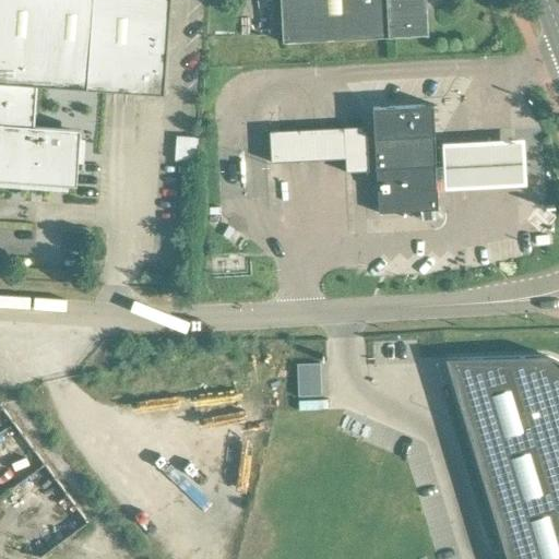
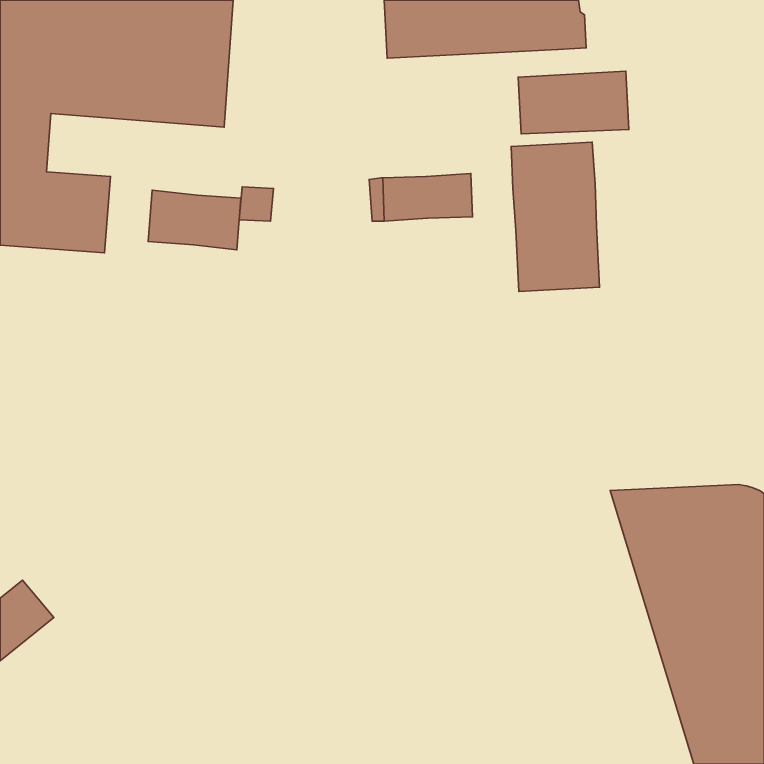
building: [344,126,369,171] -> none
building: none -> [148,190,241,250]
building: [443,140,524,186] -> [518,71,629,134]
building: [298,362,322,395] -> none

